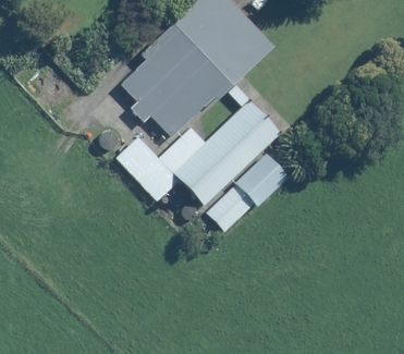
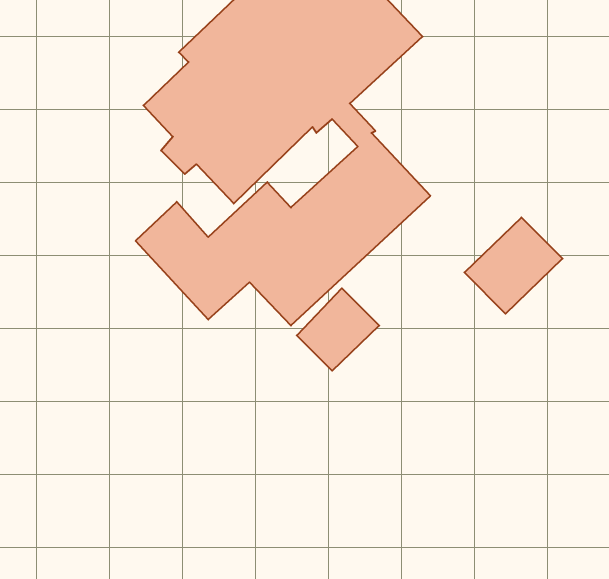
building: [233,152,287,206] -> [464,217,563,314]

